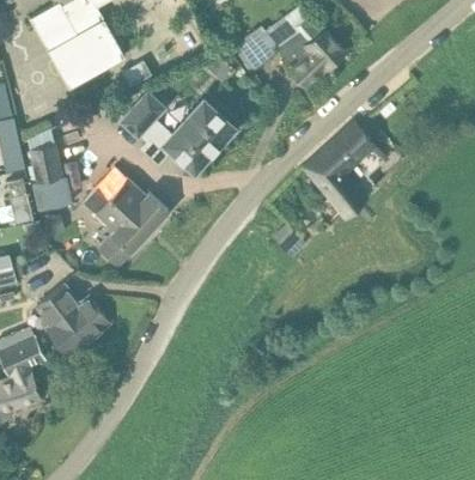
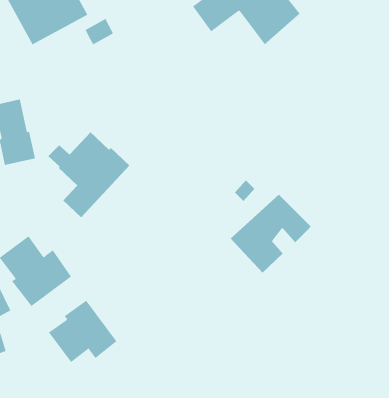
building: [122,93,233,169] -> none
building: [303,122,386,203] -> [230,194,312,273]
building: none -> [48,300,117,363]

